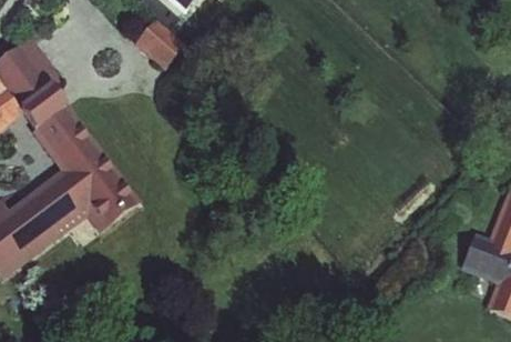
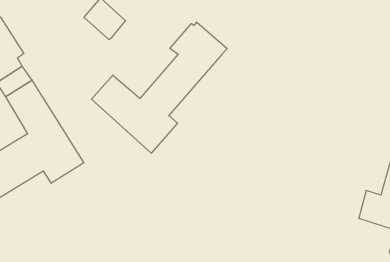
building: none -> [92,22,227,153]

